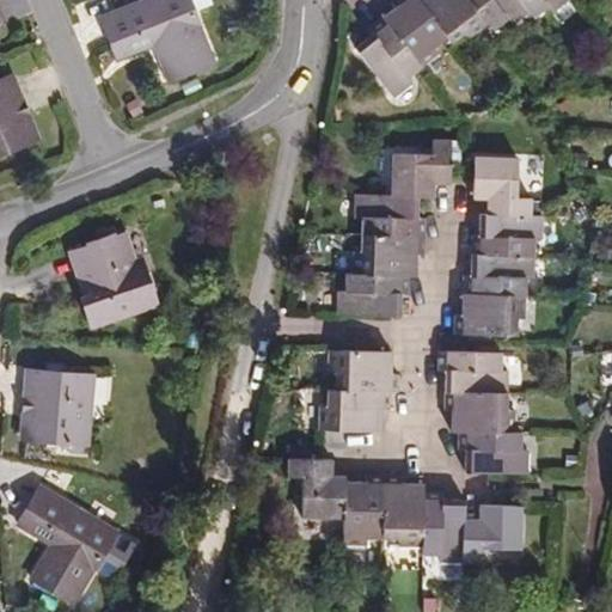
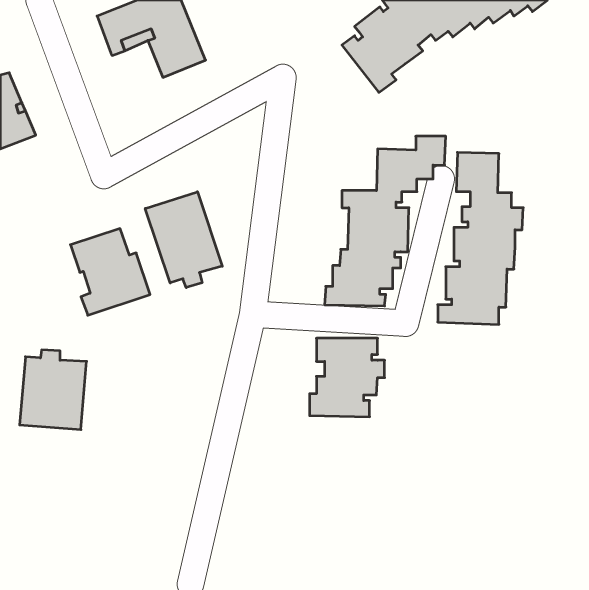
building: none -> [145,192,222,288]
building: [437,351,528,475] -> none
building: [288,460,524,561] -> none
building: [18,485,116,602] -> none

